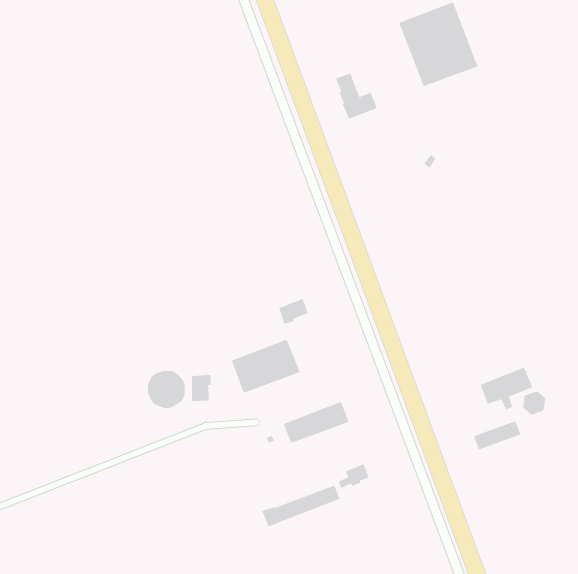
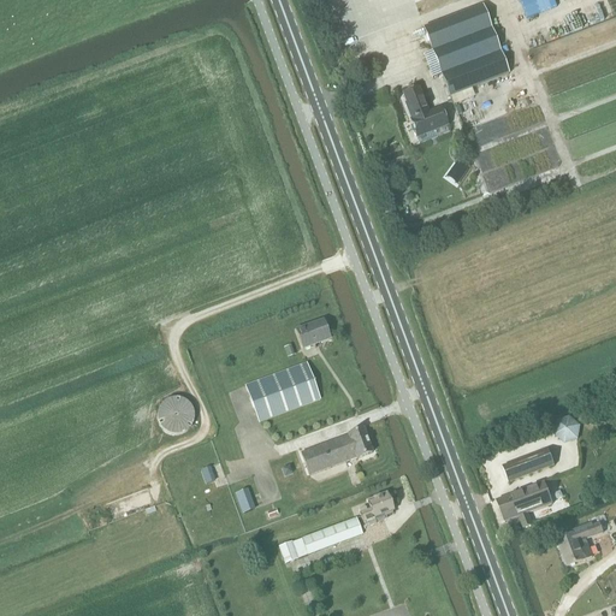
building: [335,72,378,120] -> [403,83,449,134]
building: [479,366,534,411] -> [496,478,553,525]
building: [191,374,212,402] -> none
building: none -> [557,521,603,563]

